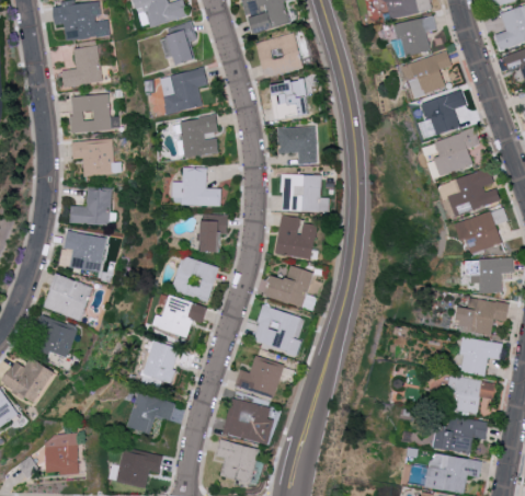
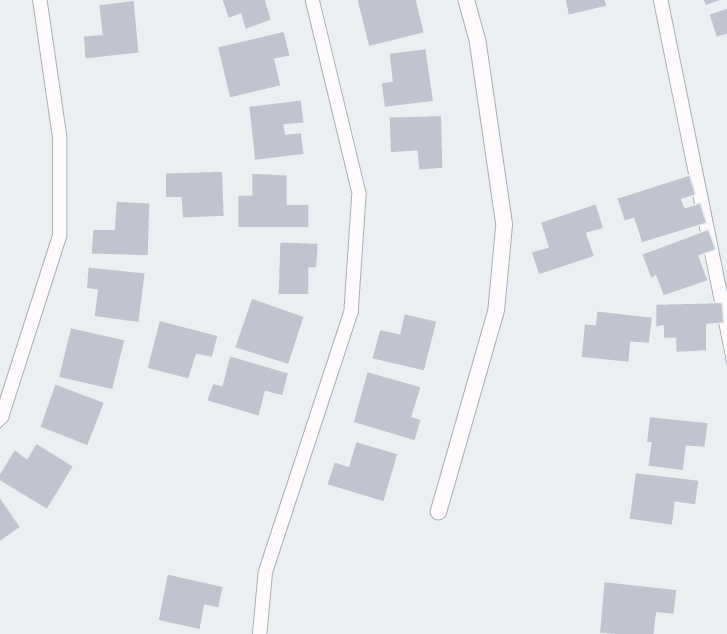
building: [403,49,453,97] -> none
building: [424,90,466,135] -> none
building: [70,94,111,131] -> none
building: [429,127,480,177] -> [531,204,604,275]
building: [71,139,113,172] -> [165,171,224,218]
building: [281,173,329,211] -> none
building: [275,215,316,258] -> none
building: [457,298,507,334] -> [581,311,653,362]
building: [141,341,192,382] -> [147,320,219,379]
building: [125,392,176,434] -> none
building: [222,399,274,445] -> none
building: [434,417,487,453] -> none
building: [44,432,78,473] -> none
building: [215,439,259,483] -> none

